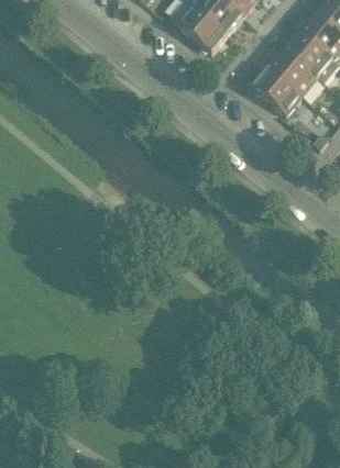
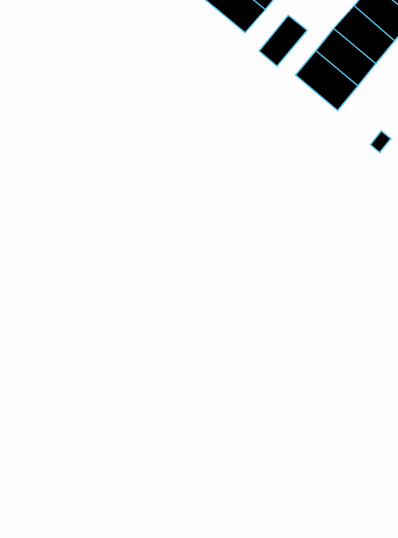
building: none -> [259,15,307,66]

